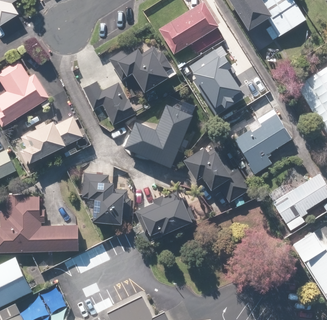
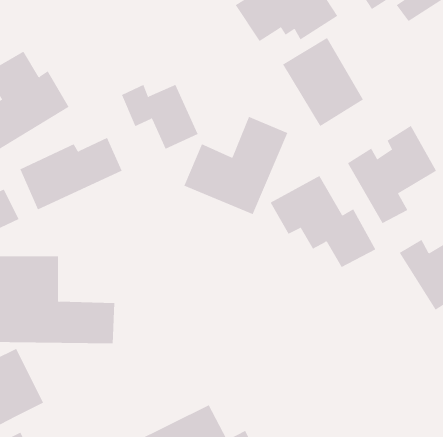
building: [107,42,175,93] -> none
building: [81,171,127,226] -> none
building: [131,192,191,244] -> none

